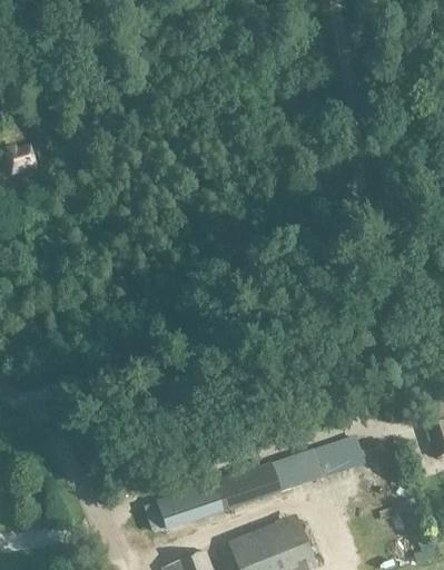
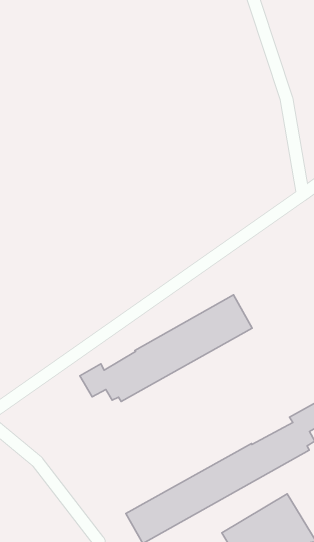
building: none -> [80,295,252,402]

